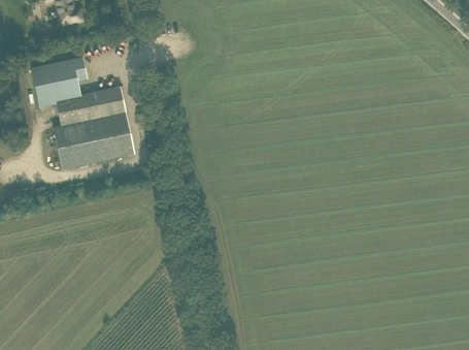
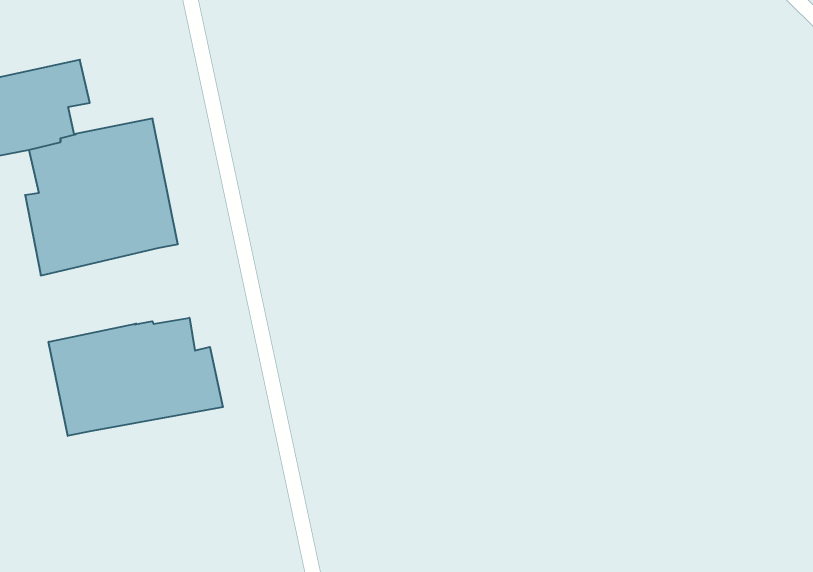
building: none -> [49,318,223,436]

